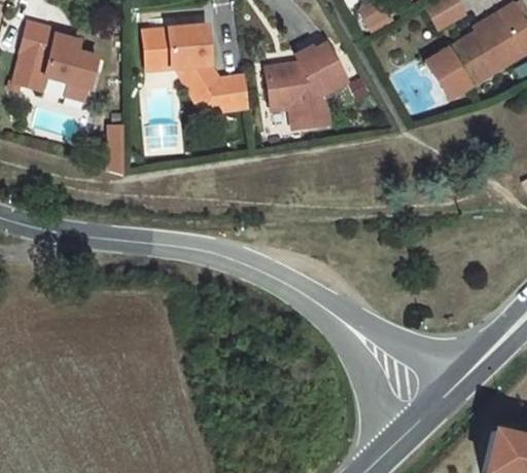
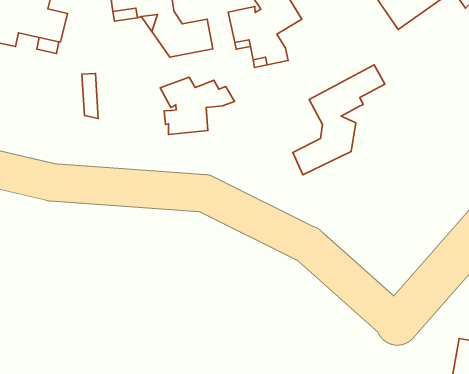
building: none -> [293,65,385,175]
building: none -> [160,77,234,134]

